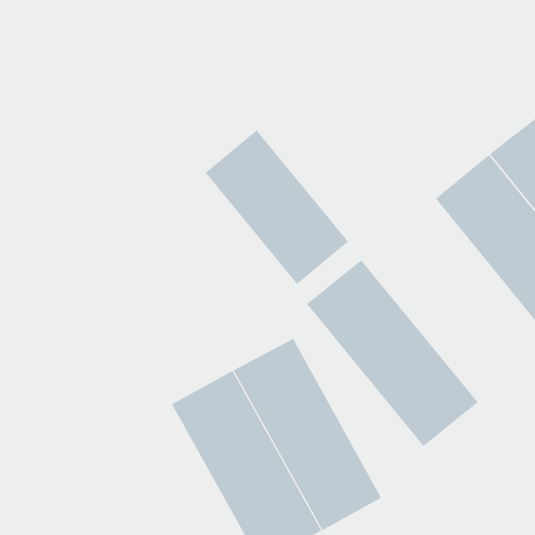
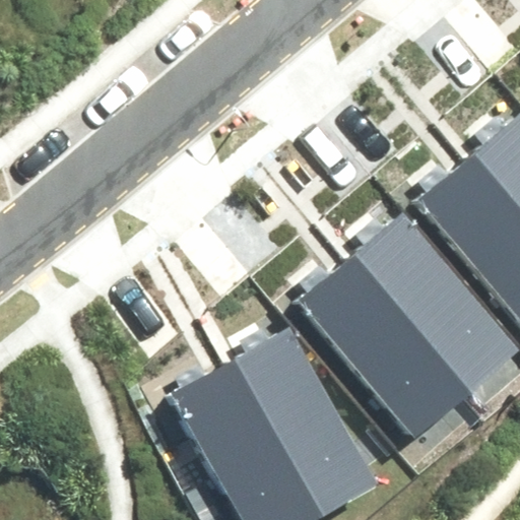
building: [205,129,349,285] -> none
building: none -> [353,215,515,392]

